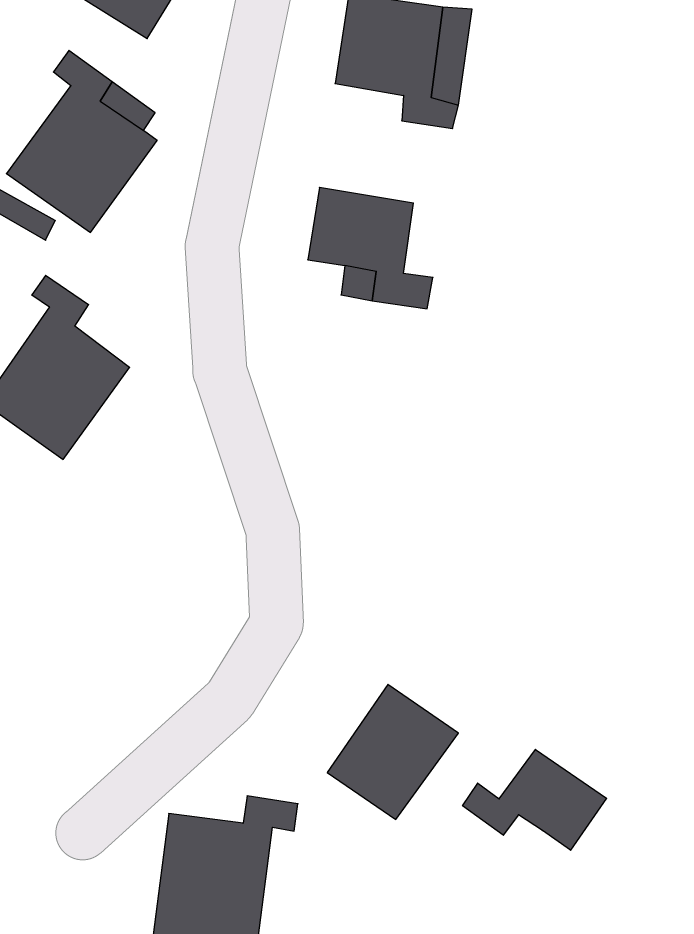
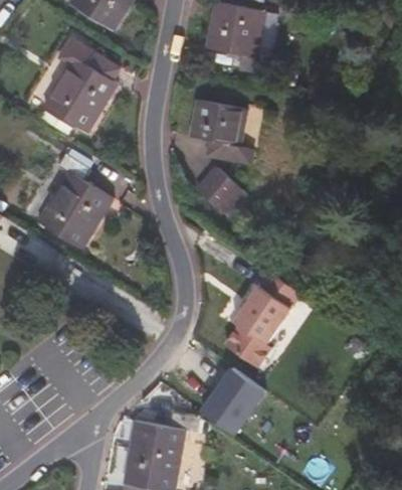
building: none -> [208,177,251,220]
building: none -> [216,267,294,362]
building: [463,749,607,850] -> none

